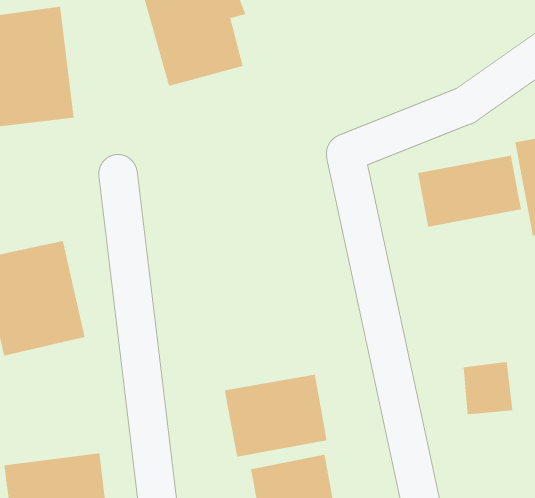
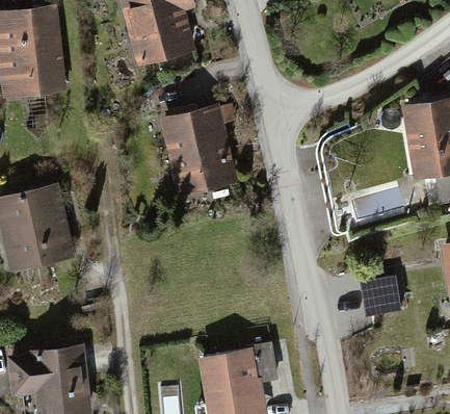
building: none -> [159,105,236,198]
building: [417,155,521,228] -> none
building: [224,374,327,458] -> none

